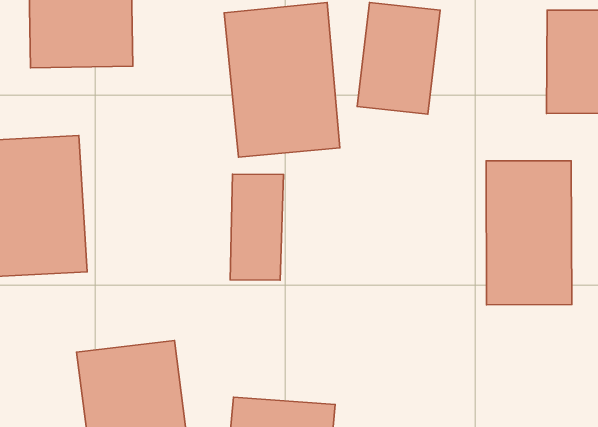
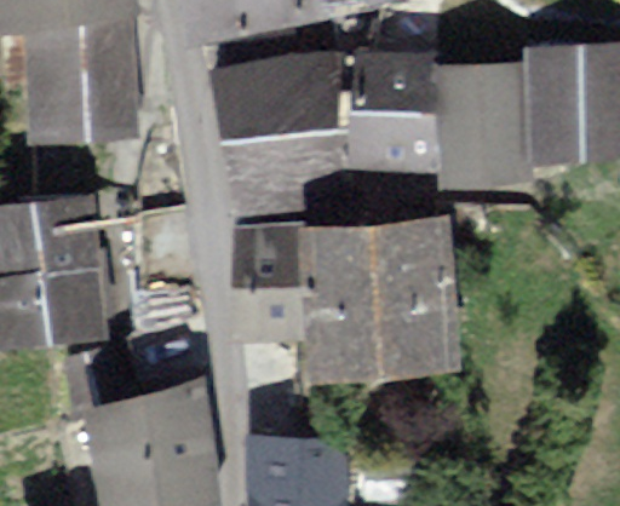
building: none -> [444,64,521,173]
building: [486,161,572,305] -> none
building: none -> [306,218,450,366]

